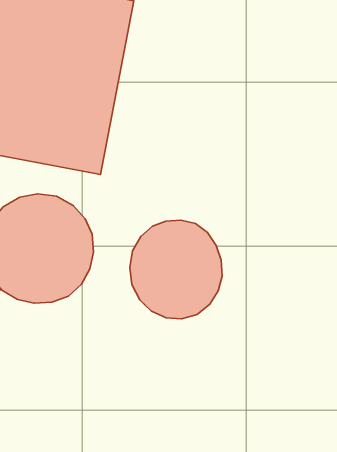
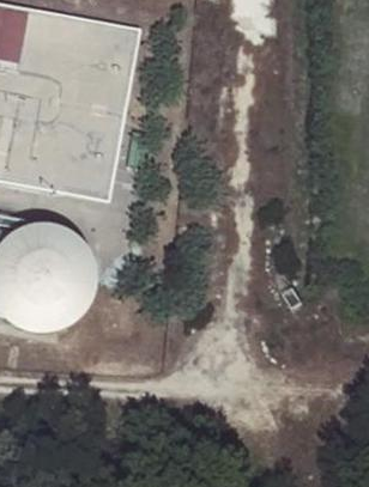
building: [130,220,222,319] -> none

